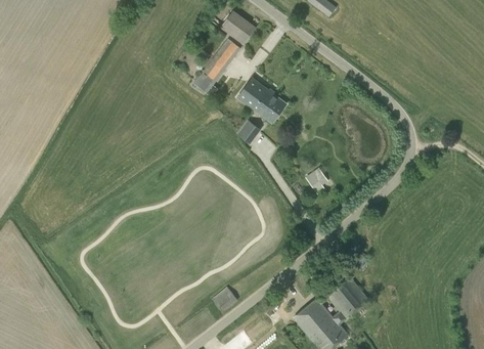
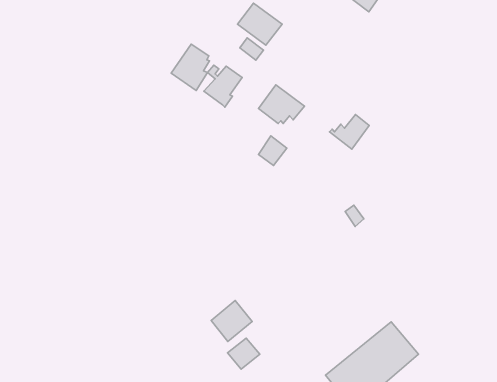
building: none -> [171,44,210,90]
building: [254,94,287,123] -> [330,114,369,149]
building: none -> [211,300,252,341]

